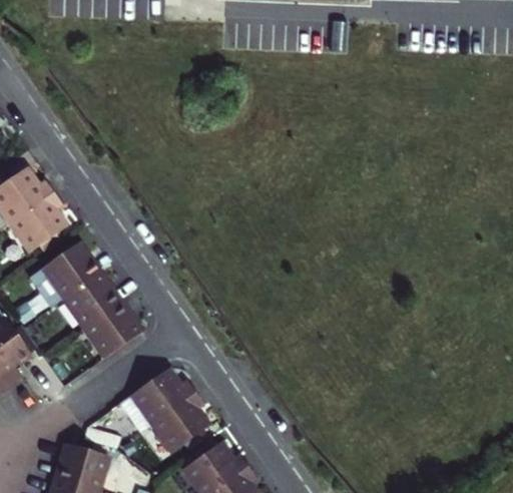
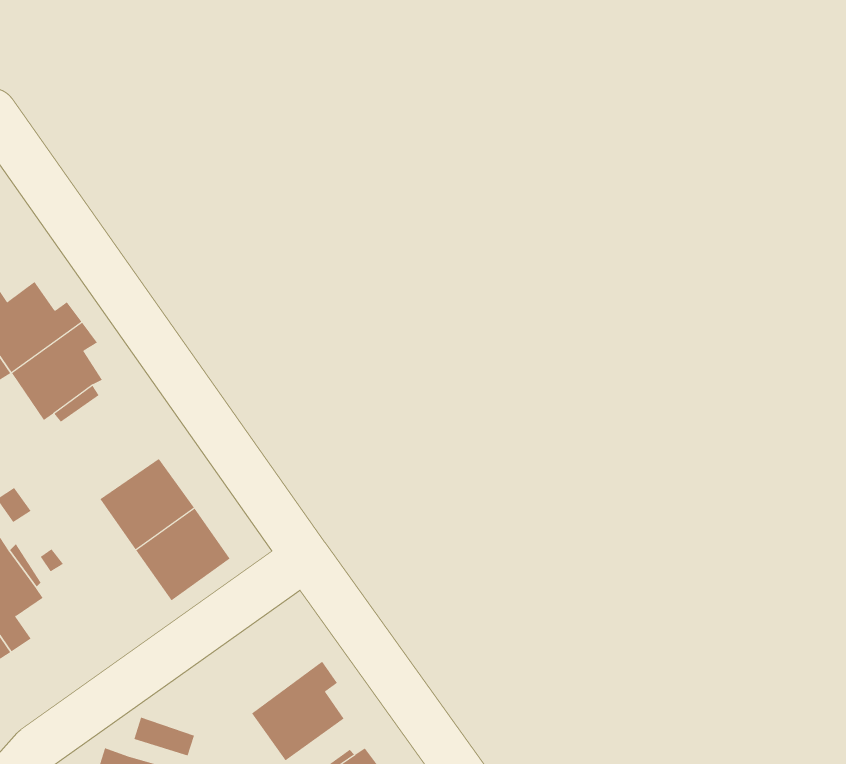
building: [30,244,97,307] -> none
building: [118,370,193,432] -> none

